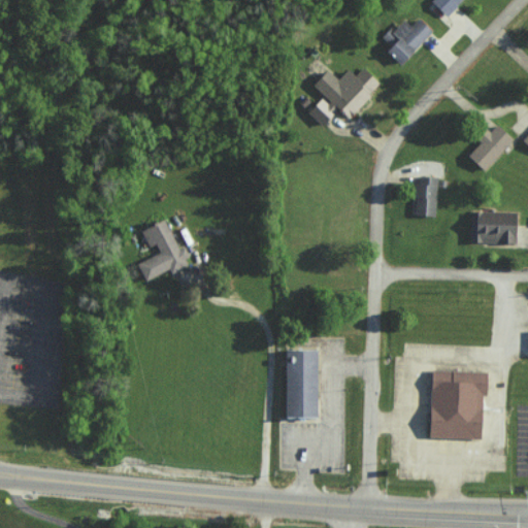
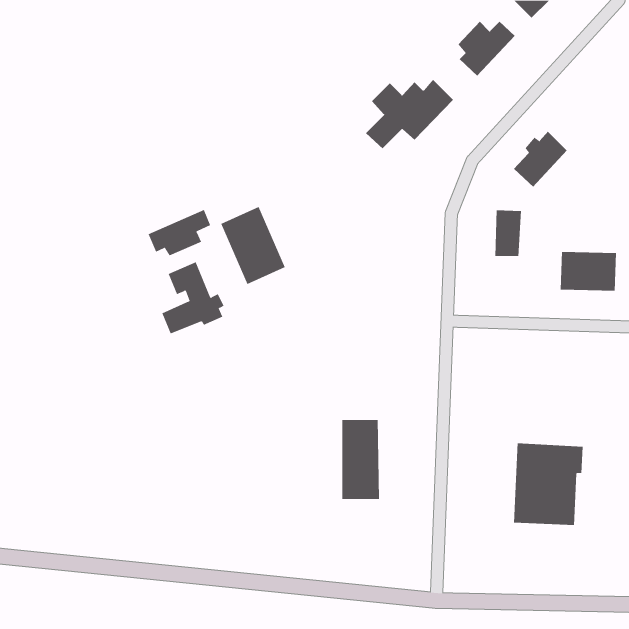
building: [467,124,513,171] -> [513,131,568,187]
building: none -> [220,206,286,285]
building: none -> [148,209,211,256]

